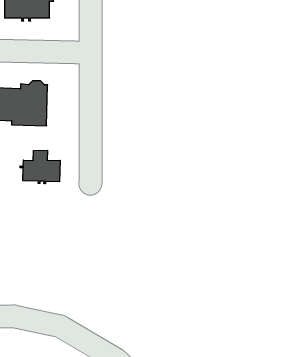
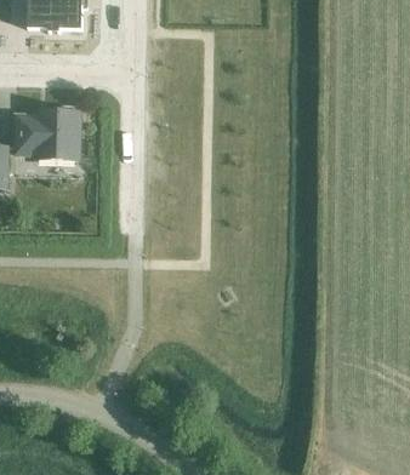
building: [20,150,60,184] -> none

